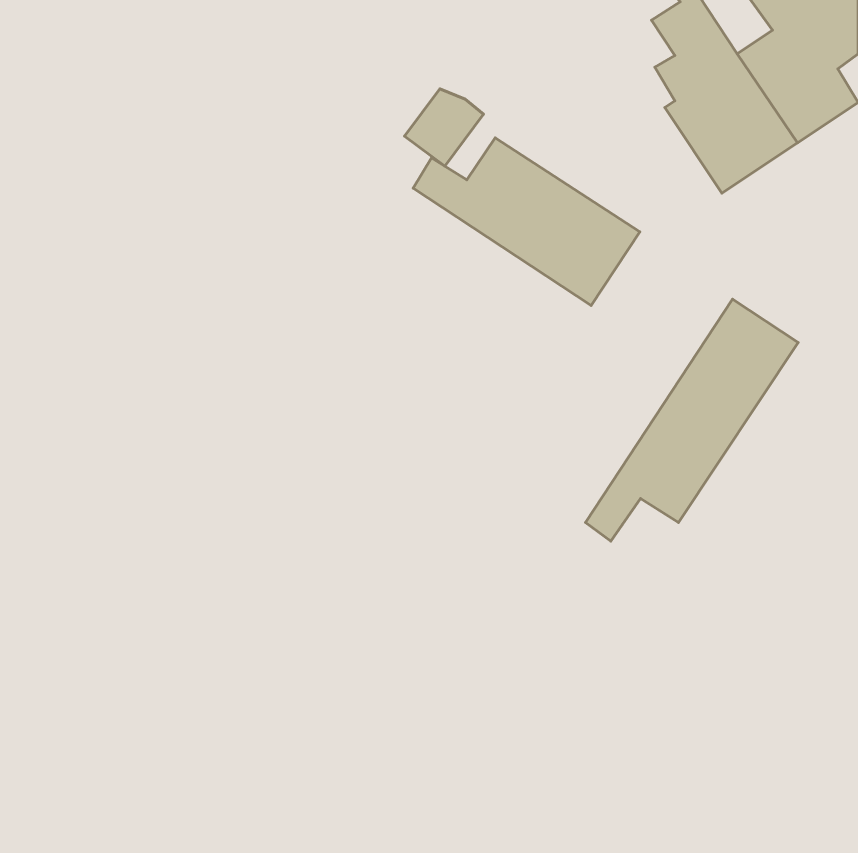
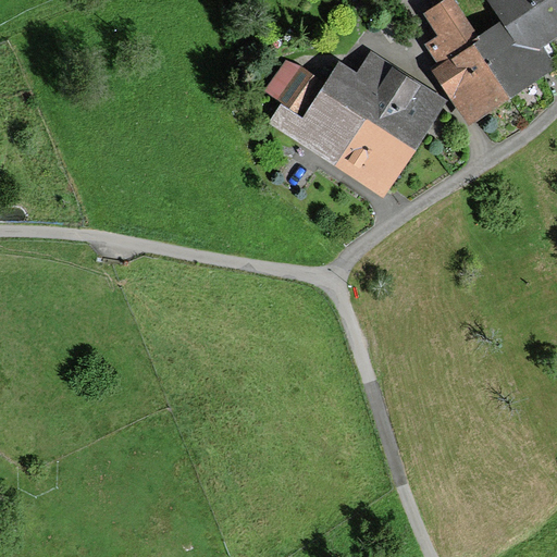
building: none -> [321,50,447,150]
building: [586,299,798,541] -> none

